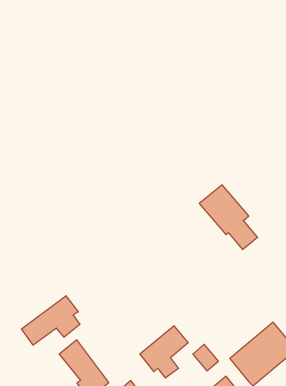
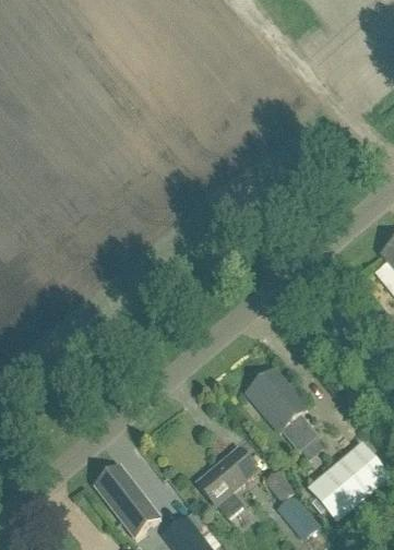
building: [199,185,258,250] -> [244,368,317,447]
building: [22,296,80,345] -> none

